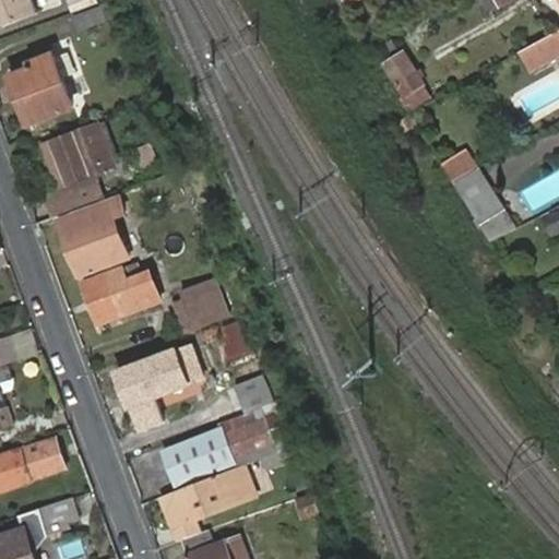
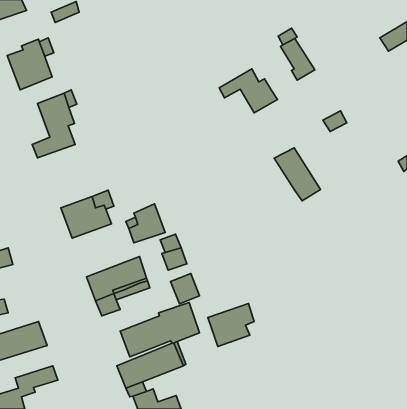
building: none -> [219,69,278,113]
building: [451,167,514,239] -> [274,148,321,201]
building: [59,198,128,273] -> none
building: none -> [208,304,254,347]

